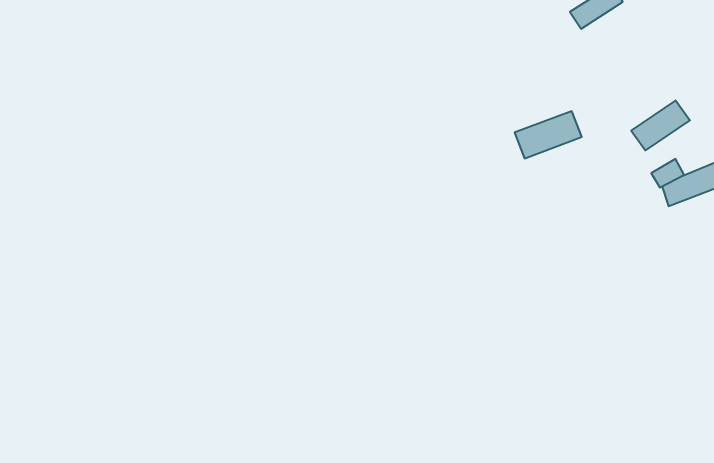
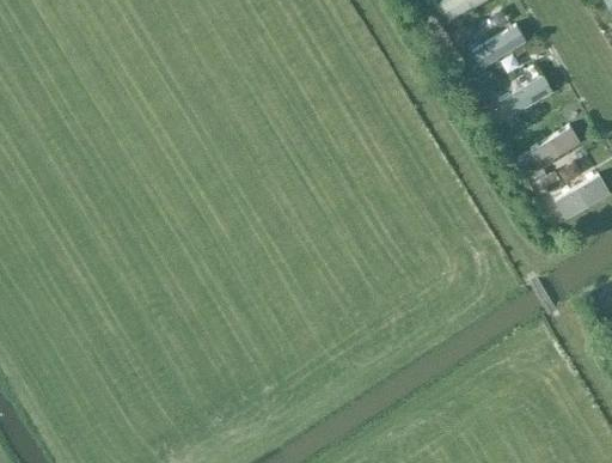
building: [515,111,582,158] -> [497,78,553,117]

